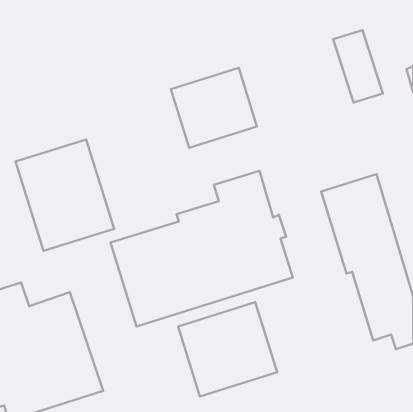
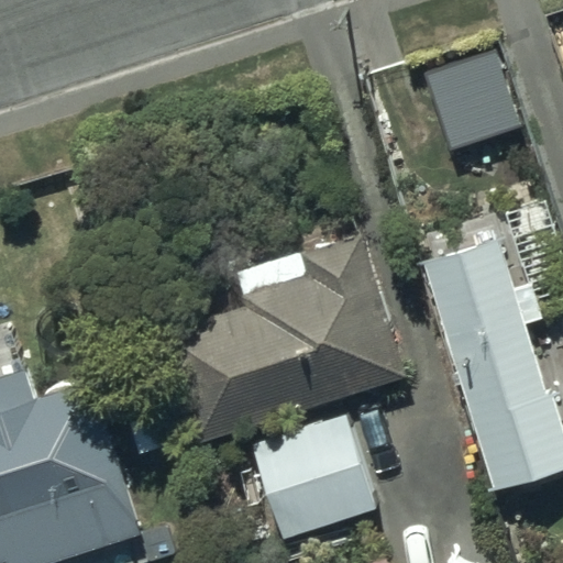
building: [171,68,257,148] -> none
building: [15,139,114,251] -> none

